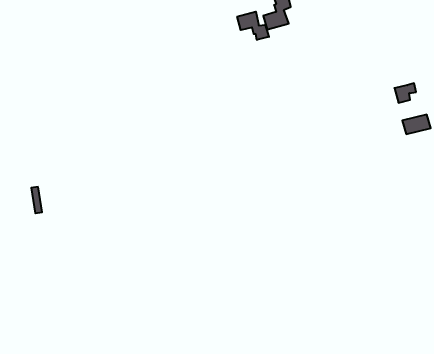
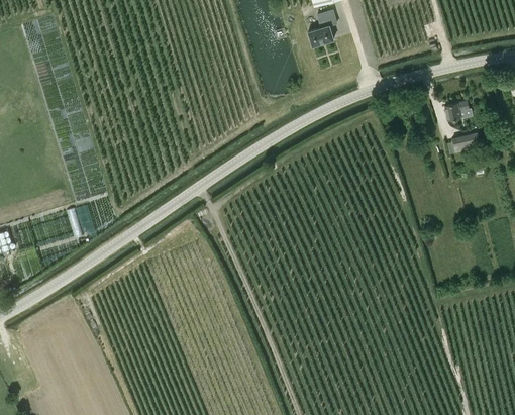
building: [237,12,269,40] -> none

